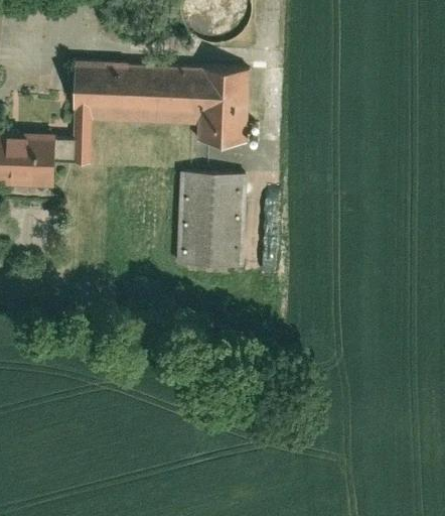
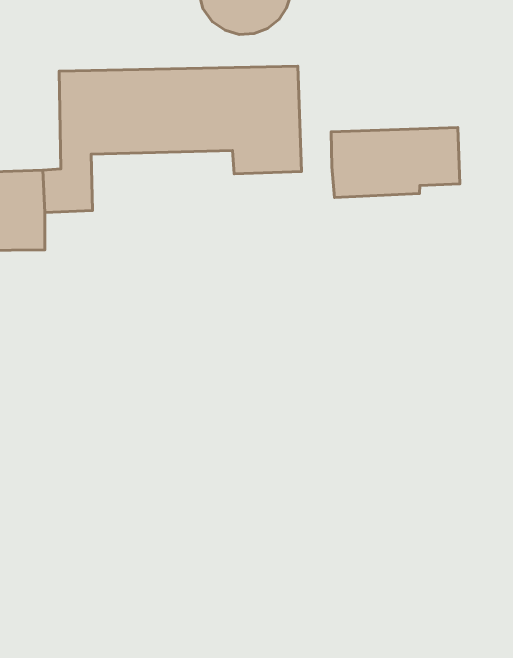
building: none -> [331,128,460,197]
building: [175,173,244,266] -> none

